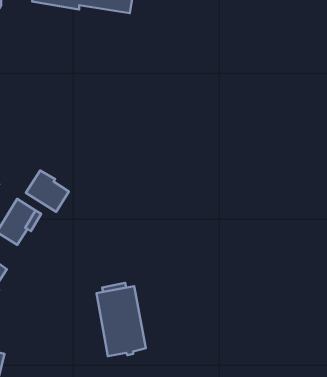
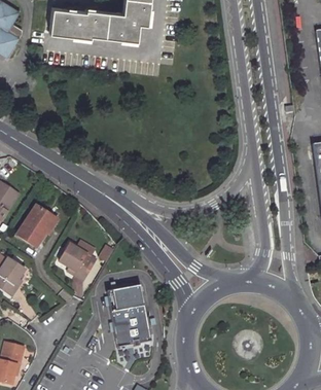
building: [26,170,69,212] -> none
building: none -> [59,244,95,280]

